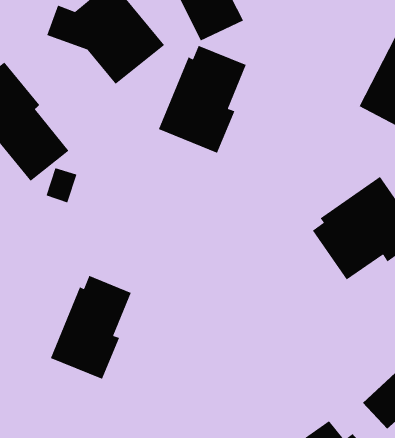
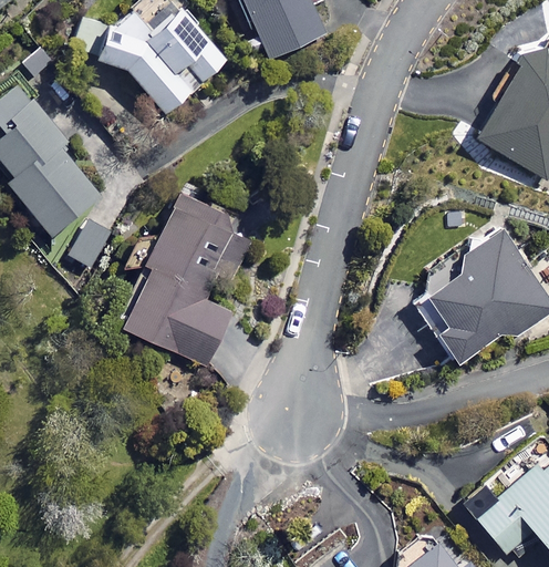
building: [158,45,247,154] -> none
building: none -> [120,188,261,365]
building: [50,275,132,380] -> none

